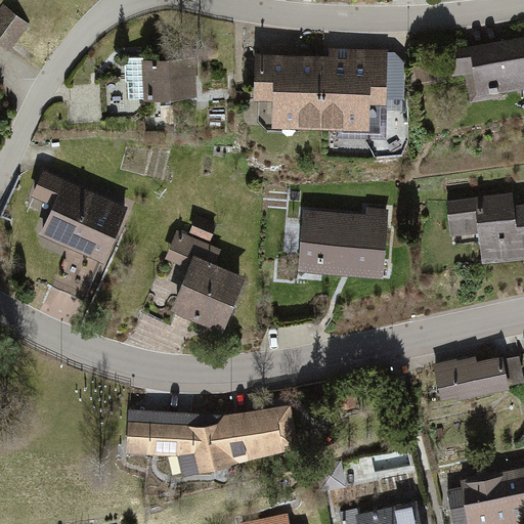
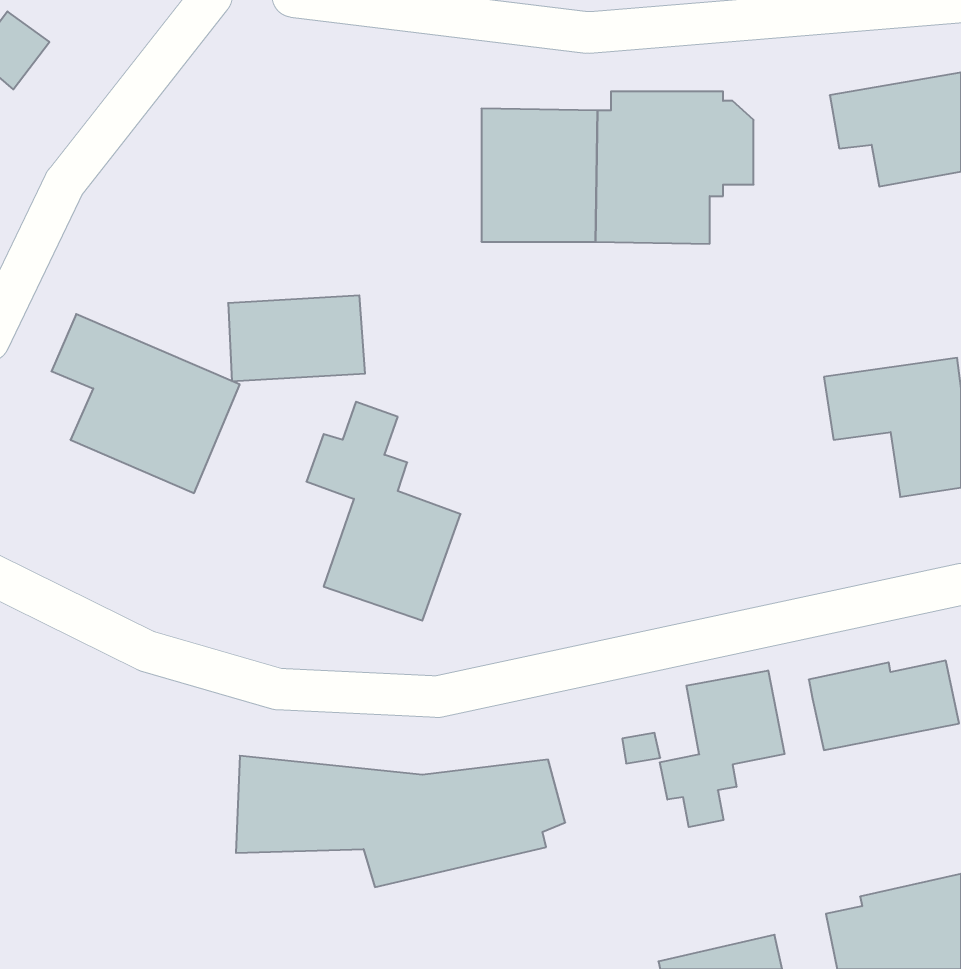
building: [124,55,198,101] -> [228,295,365,381]
building: [300,206,389,278] -> none
building: none -> [660,670,785,827]

